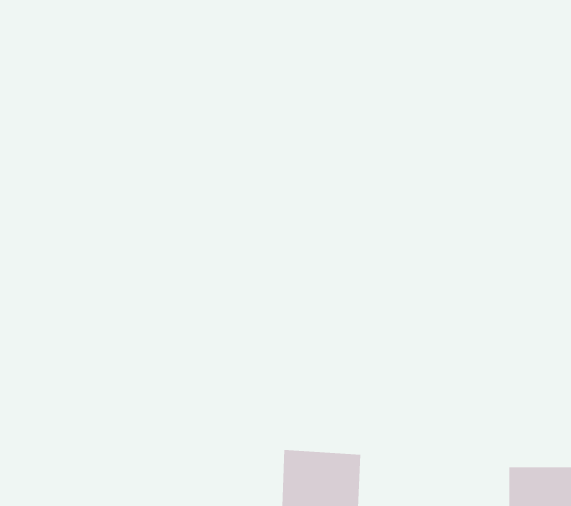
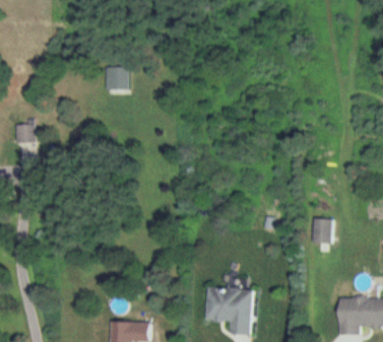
building: none -> [105,66,128,89]
building: none -> [312,218,331,242]

